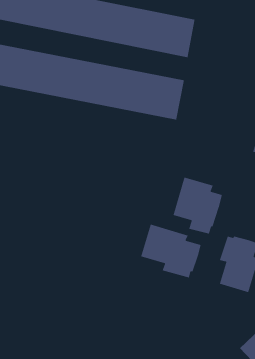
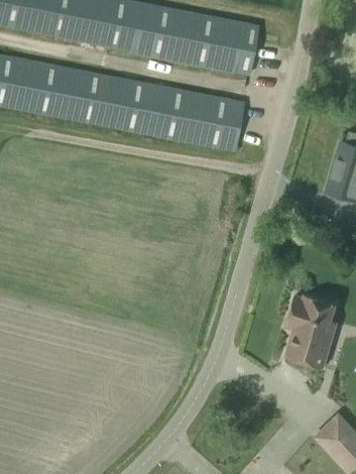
building: [172,176,223,234] -> none
building: [140,224,202,278] -> none

